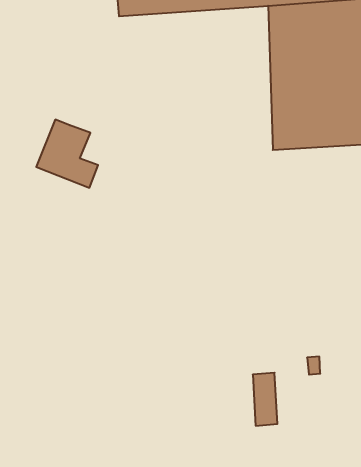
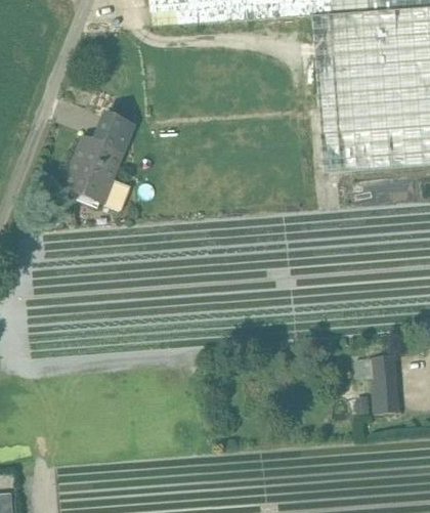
building: none -> [101,113,134,147]
building: [253,373,277,426] -> [371,352,397,410]

